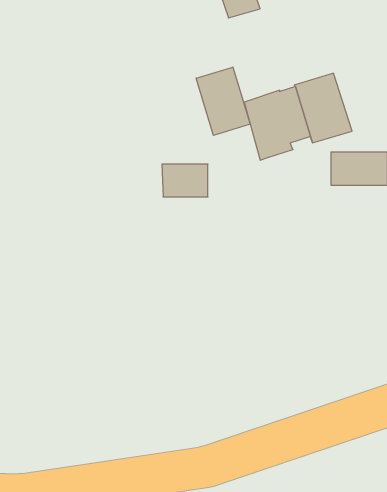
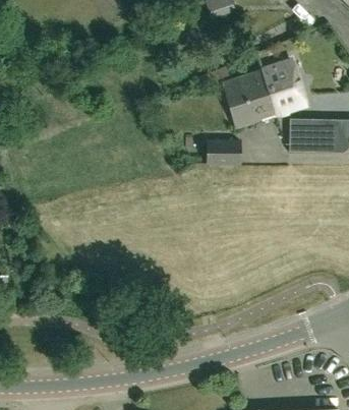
building: [196,67,250,135] -> none
building: [162,164,208,197] -> [206,139,241,165]

